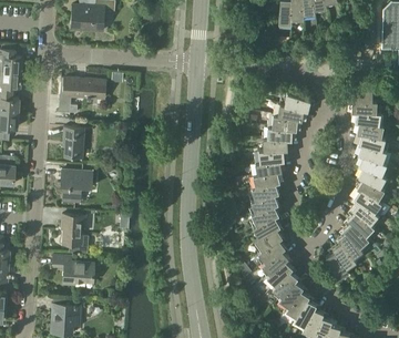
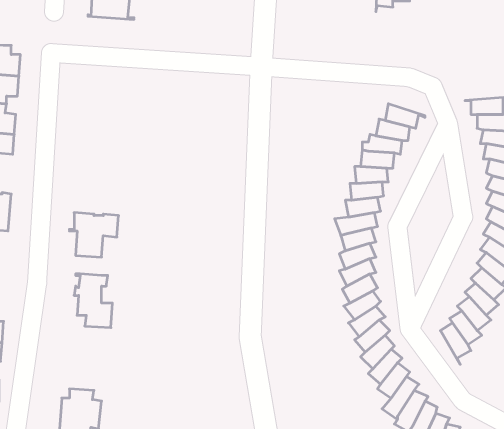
building: [59,74,109,102] -> none
building: [63,127,84,160] -> none
building: [53,258,94,287] -> none

